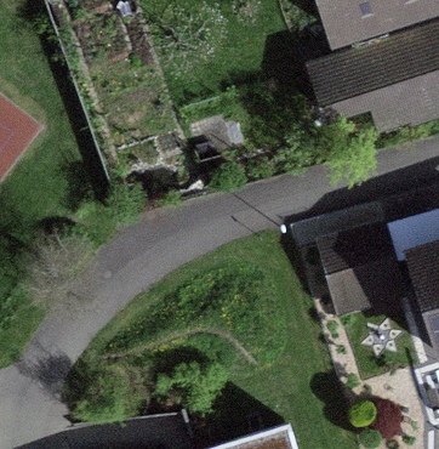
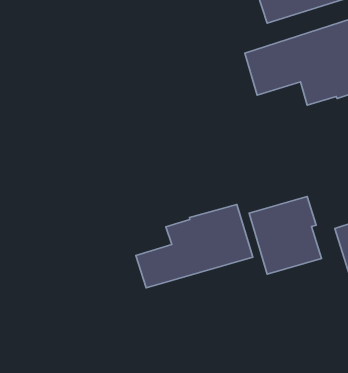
building: none -> [136,204,253,288]

